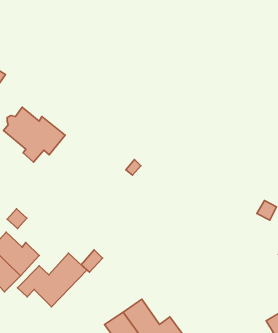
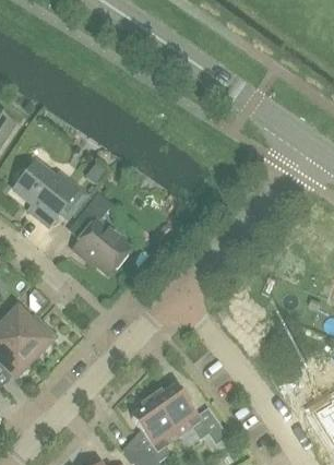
building: none -> [73,192,129,274]
building: [17,253,87,307] -> none

